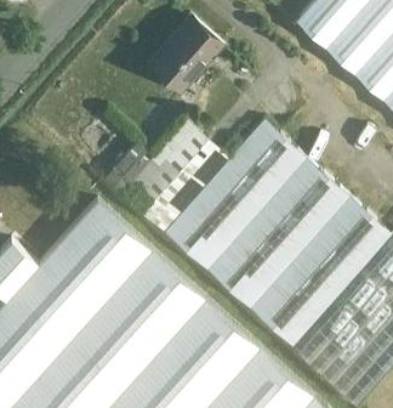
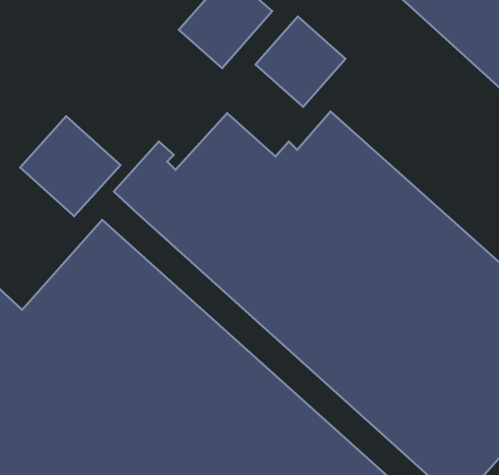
building: none -> [255,17,346,107]
building: none -> [20,116,120,216]

